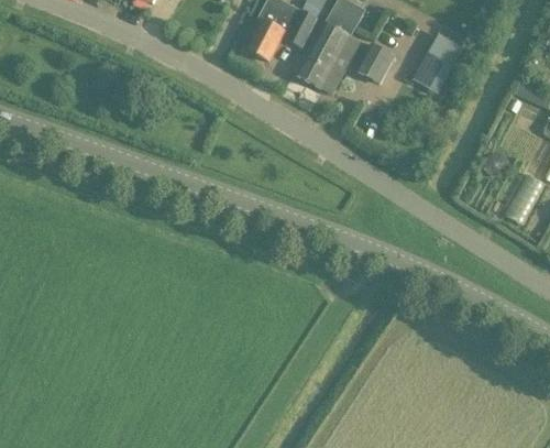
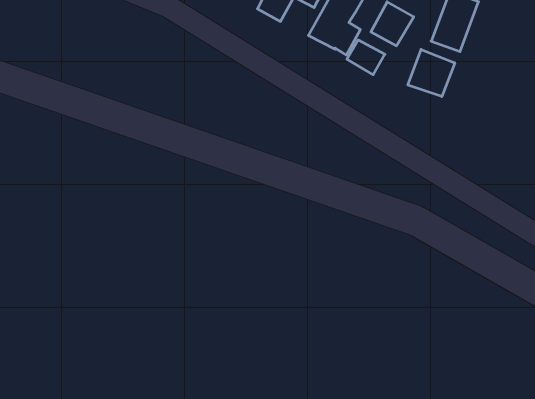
building: none -> [347,40,385,75]
building: none -> [408,49,455,97]

